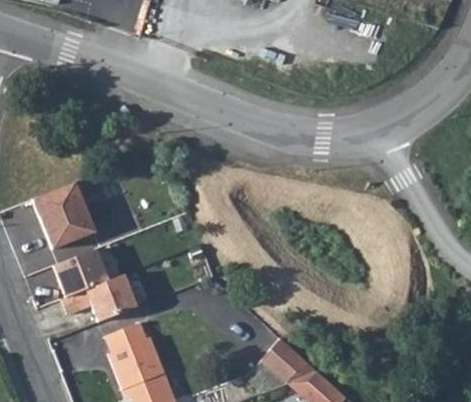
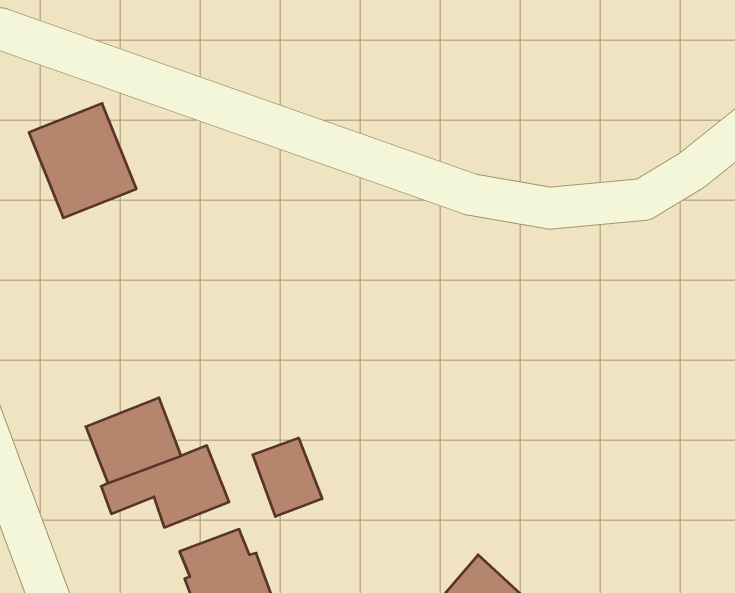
building: [33,181,96,249] -> [29,103,136,218]
building: none -> [253,438,322,517]

